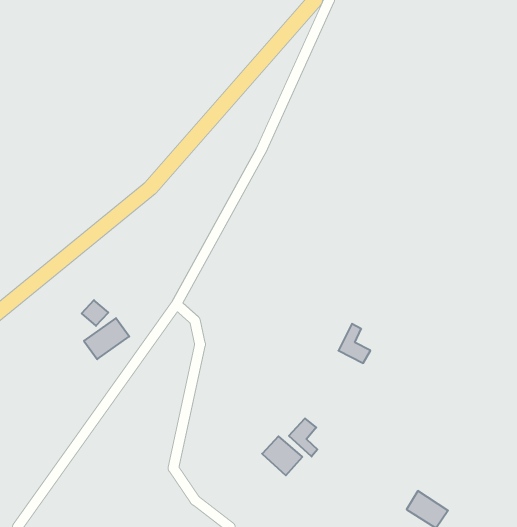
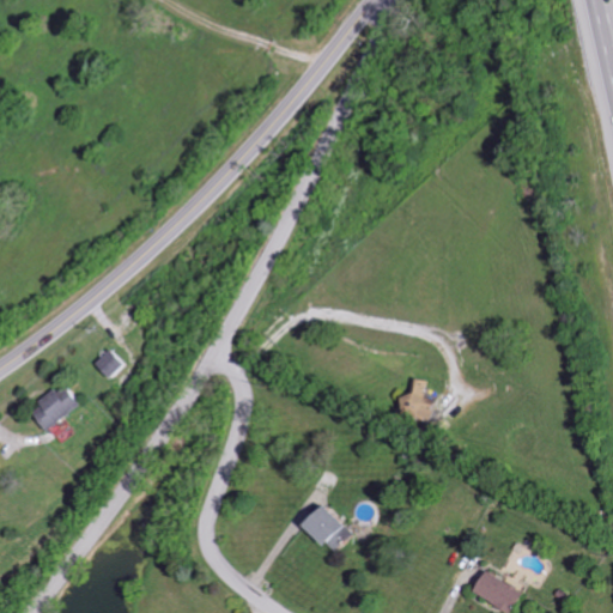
building: [84,318,129,359] -> [29,383,81,431]
building: [289,418,317,457] -> none

